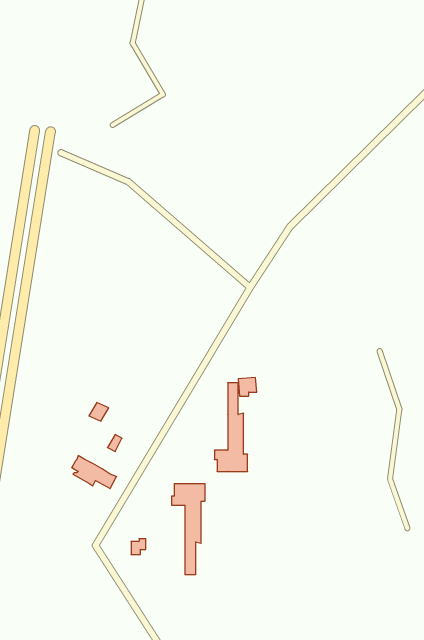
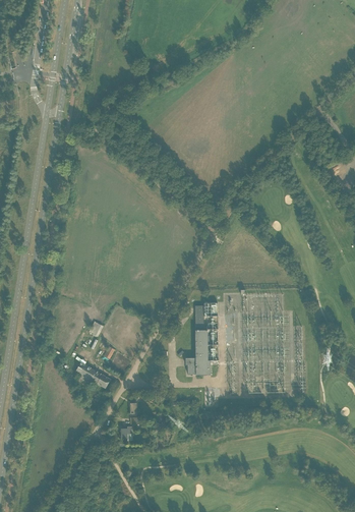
building: [172,484,205,575] -> none

